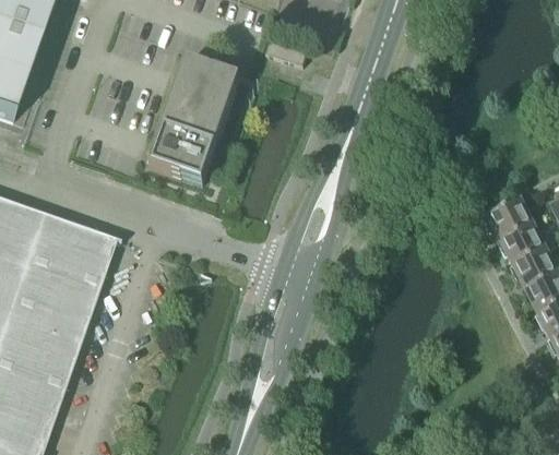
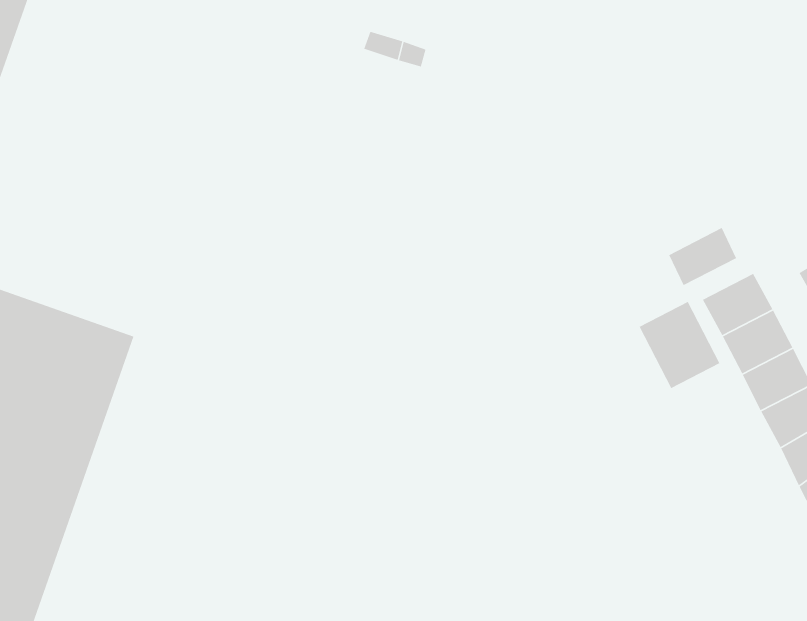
building: [148,56,239,180] -> none
building: none -> [668,227,737,286]
building: none -> [638,301,721,389]

